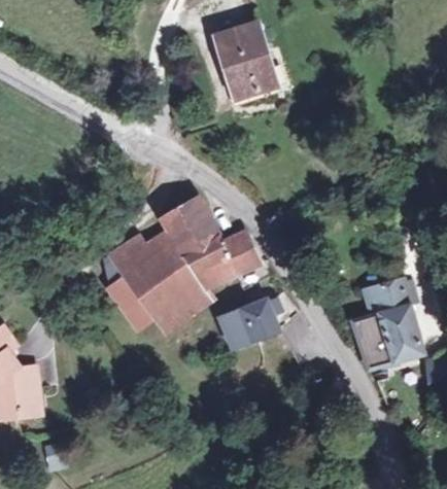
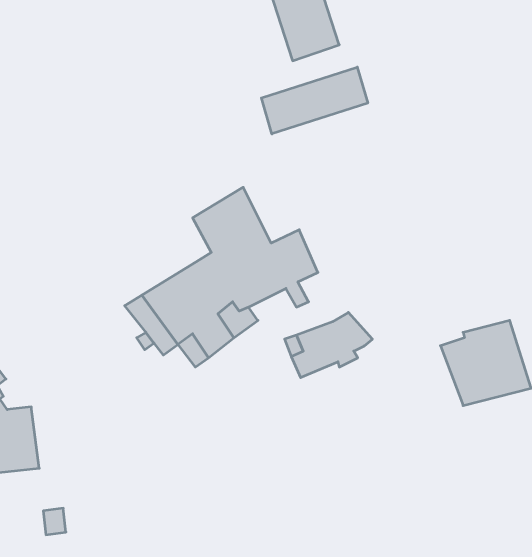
building: none -> [261,67,368,134]
building: [108,238,166,280] -> none
building: [363,279,405,309] -> none

